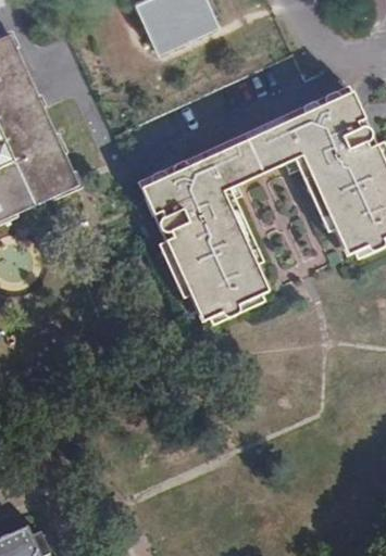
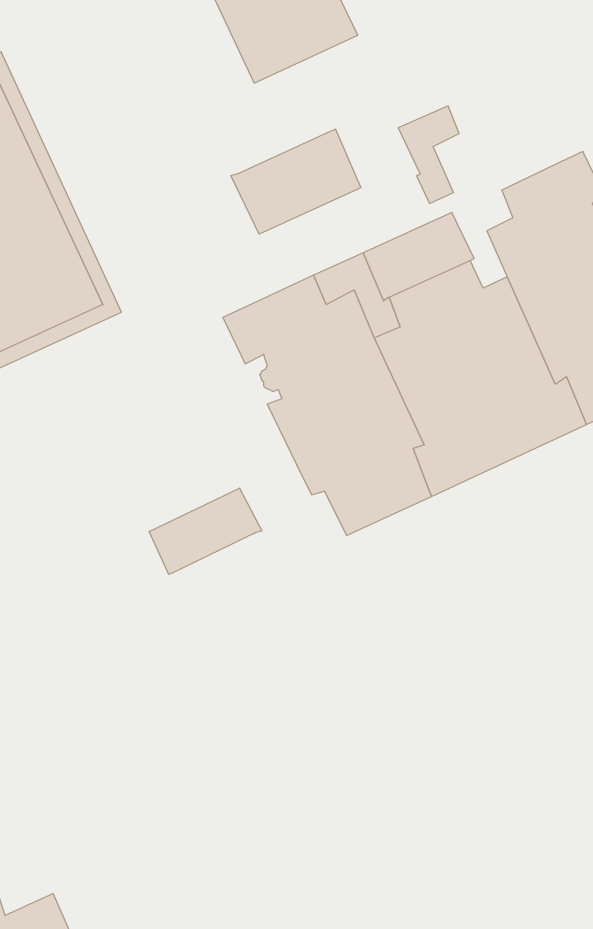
building: none -> [231,129,361,234]
building: [273,114,309,172] -> [398,106,459,204]
building: none -> [149,488,262,574]

